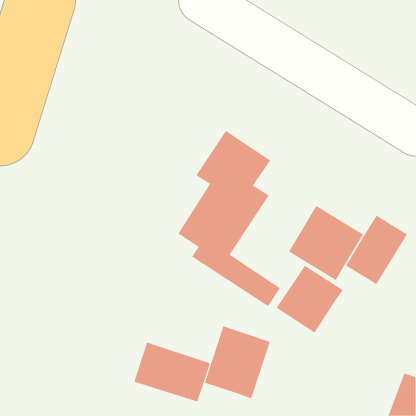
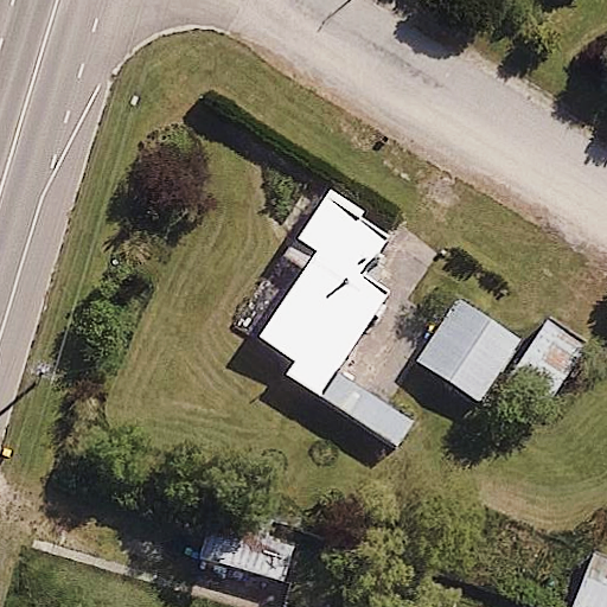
building: [276,265,343,333] -> none
building: [204,325,270,399] -> none

